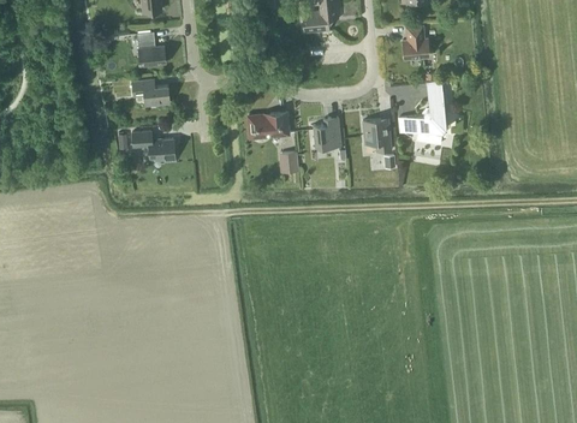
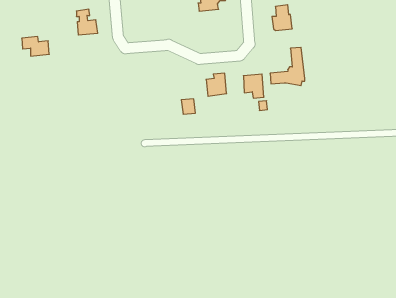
building: [132,78,169,105] -> [22,37,49,56]
building: [248,111,288,136] -> none
building: [132,130,176,162] -> none

